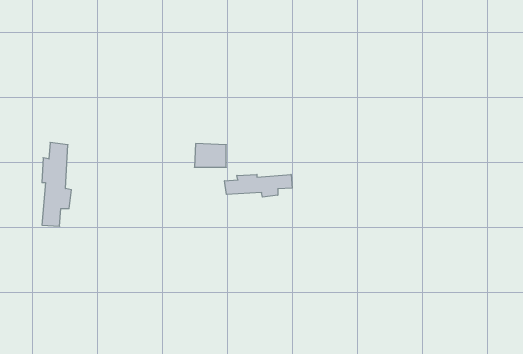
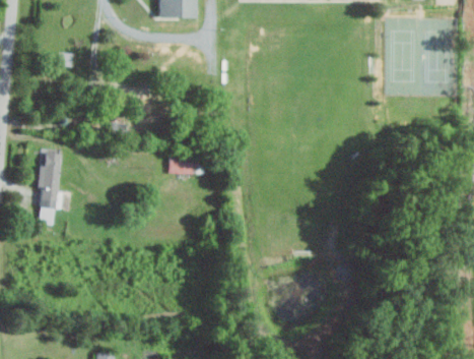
building: [225,174,292,197] -> none

